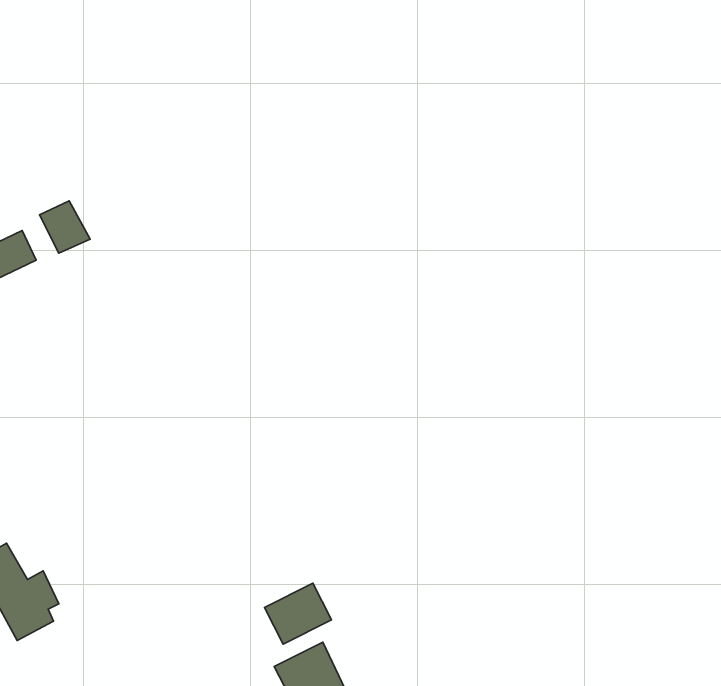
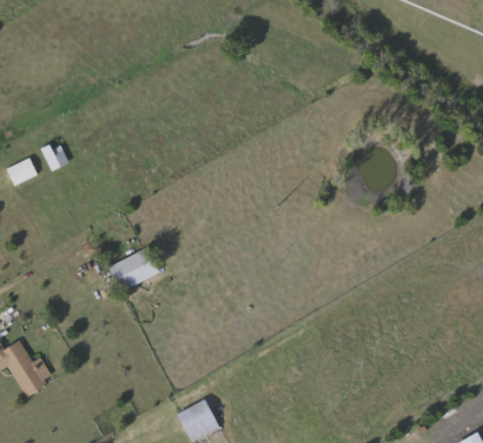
building: none -> [109,250,160,292]
building: [265,583,332,644] -> none

